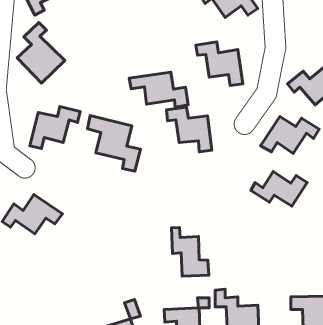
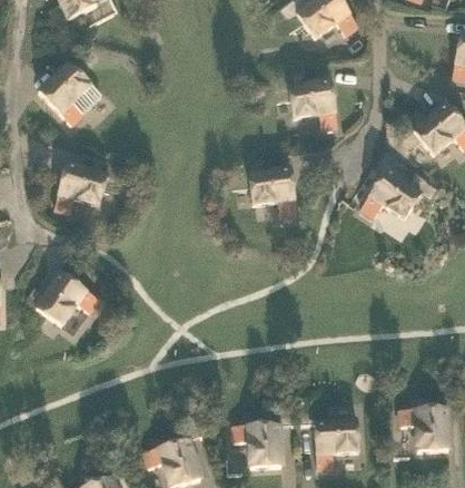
building: [129,72,188,107] -> none
building: [88,115,141,171] -> none
building: [251,172,307,206] -> none
building: [172,227,209,276] -> none

